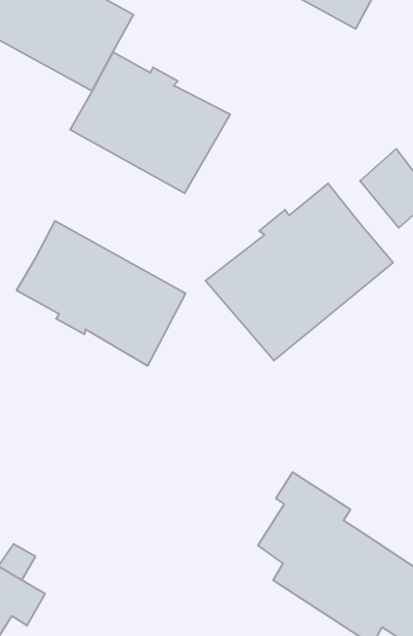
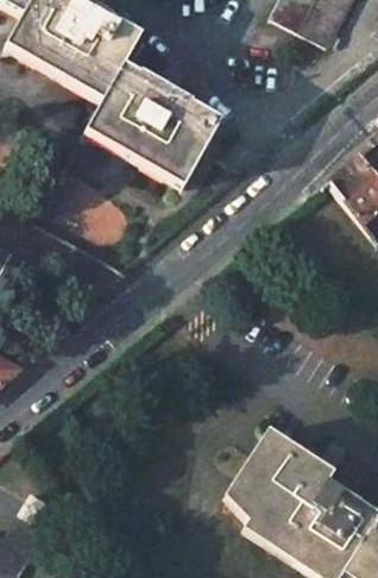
building: [205,183,393,361] -> none
building: [17,221,186,366] -> none

